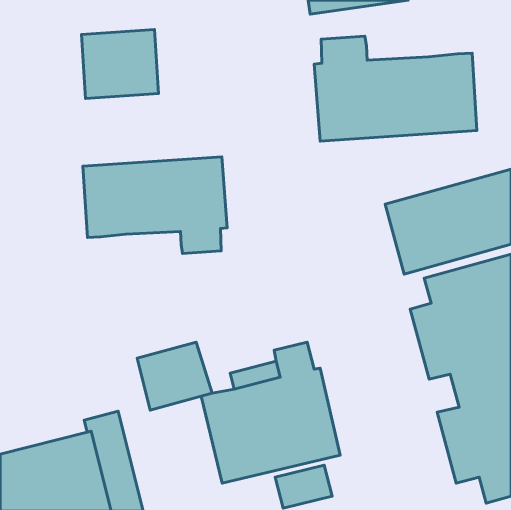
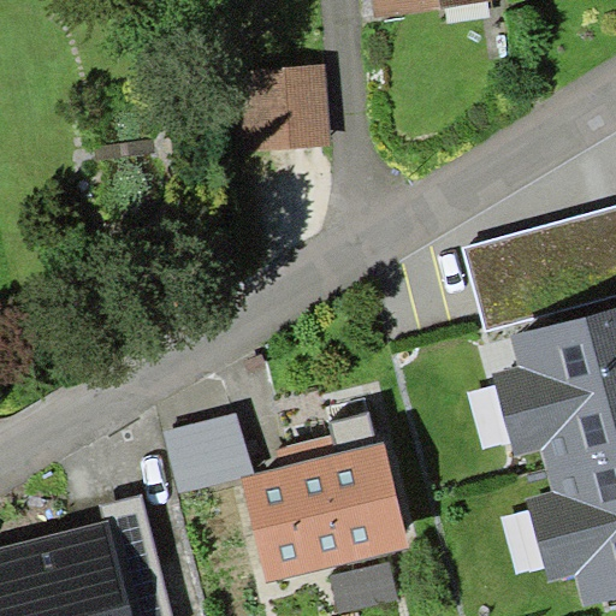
building: [82,29,159,98] -> [238,67,331,150]
building: [314,36,477,141] -> none
building: [83,157,227,253] -> none

